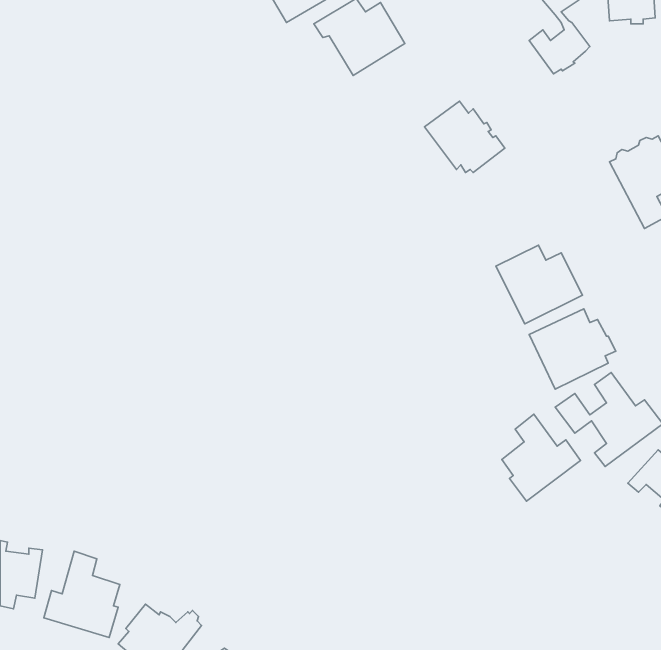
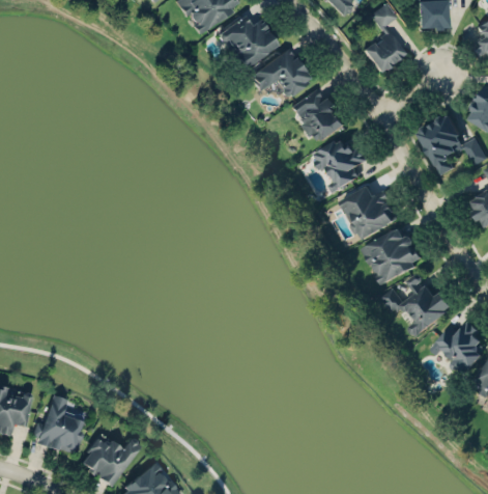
building: none -> [250,46,310,92]
building: none -> [314,135,368,190]
building: [502,414,581,501] -> none

